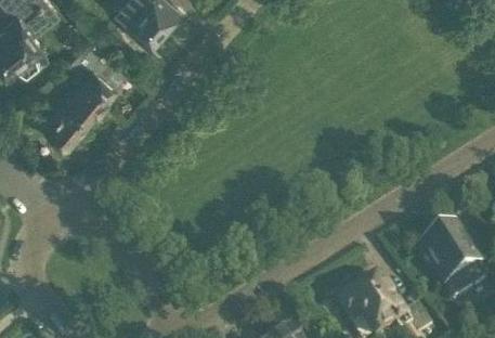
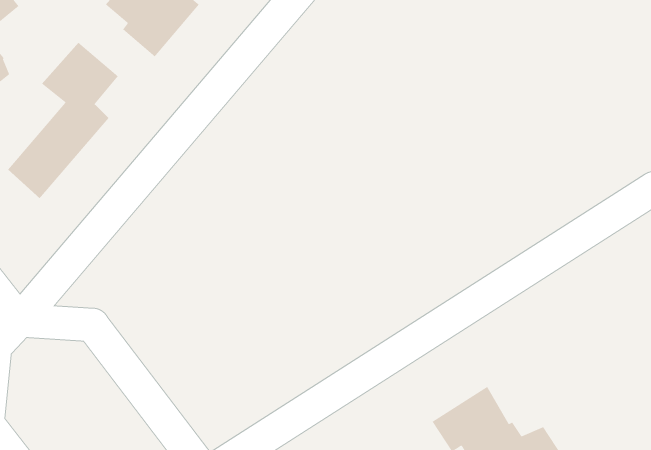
building: [421,226,486,298] -> none

